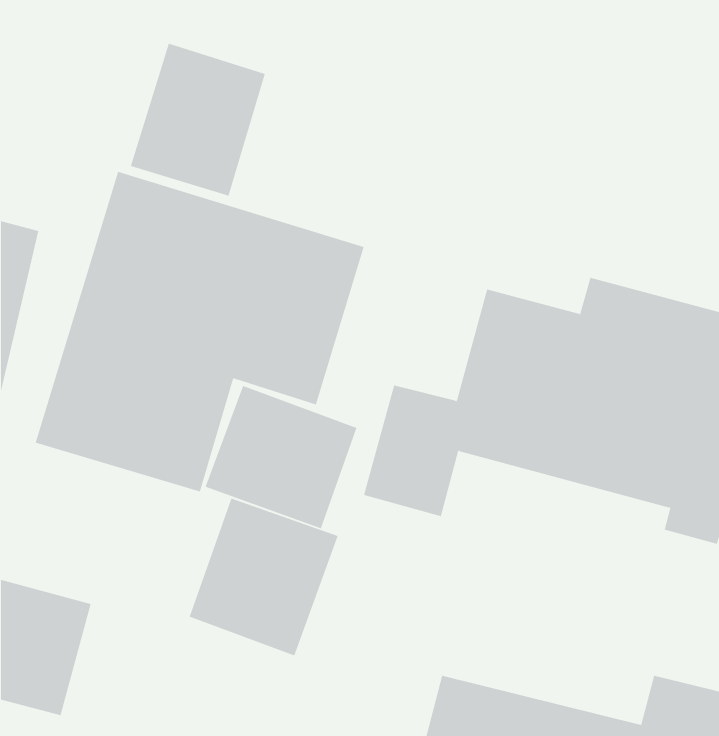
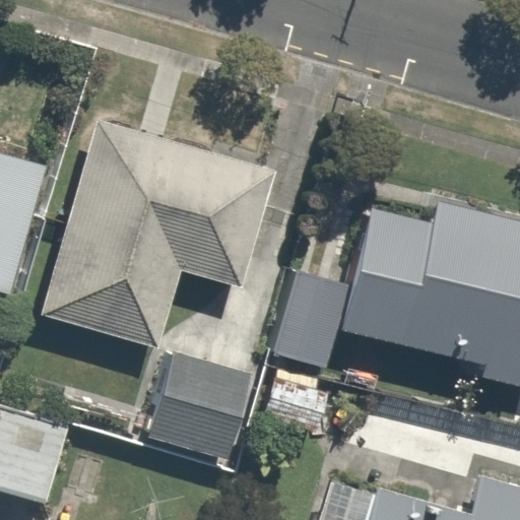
building: [130,43,266,196] -> none
building: [205,385,357,529] -> none

